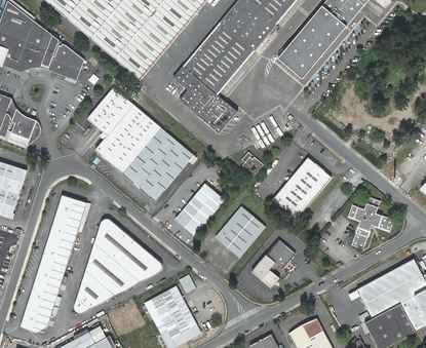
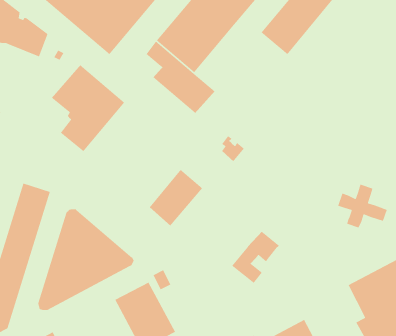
building: [116,122,193,200] -> none
building: [272,157,332,219] -> none
building: [216,205,265,256] -> none

